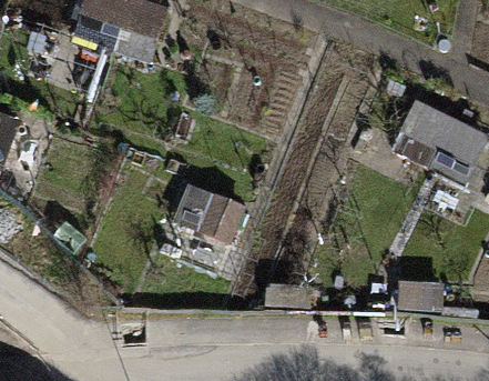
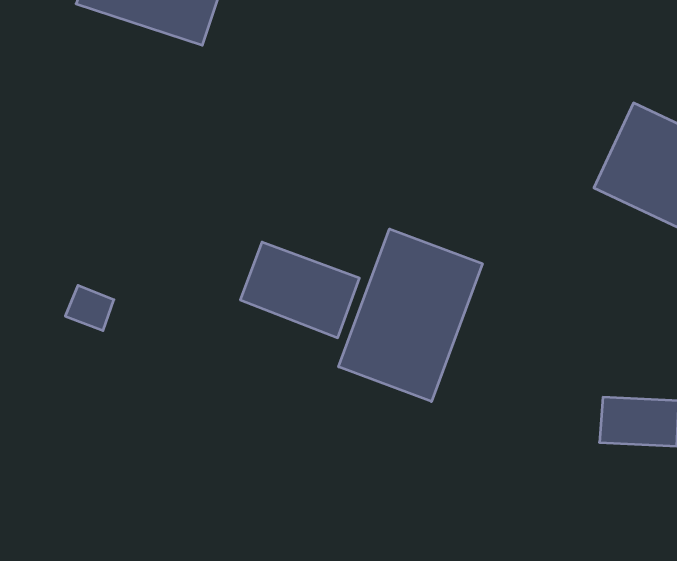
building: none -> [339,229,482,402]

